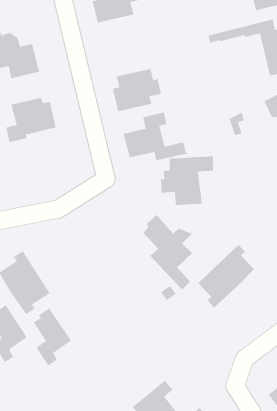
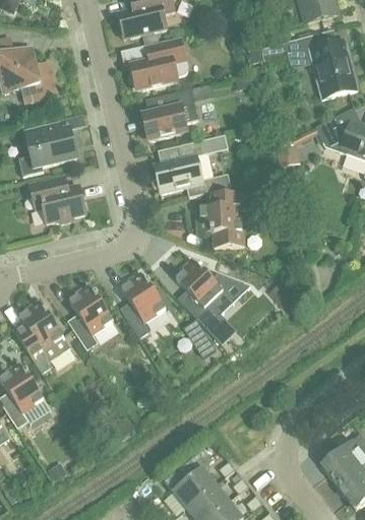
building: none -> [130,36,188,89]
building: none -> [29,177,85,222]
building: none -> [121,270,166,337]
building: [198,244,255,308] -> none
building: [33,308,72,366] -> [69,282,114,349]

